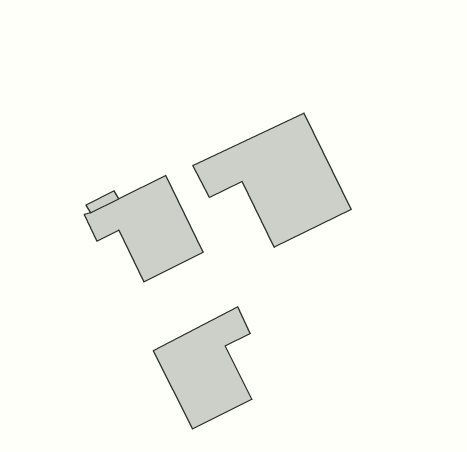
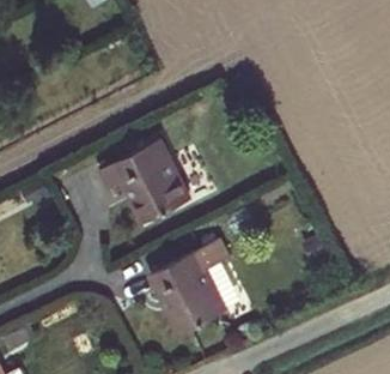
building: [193,113,351,247] -> none

